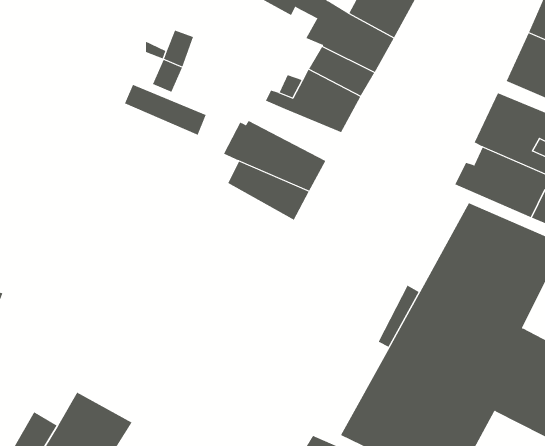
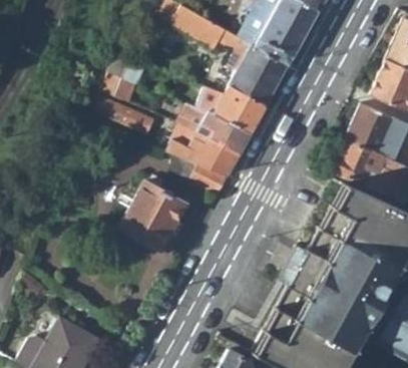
building: none -> [178,107,252,153]
building: none -> [120,182,185,250]

